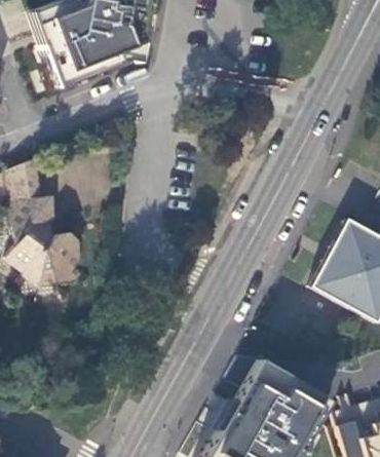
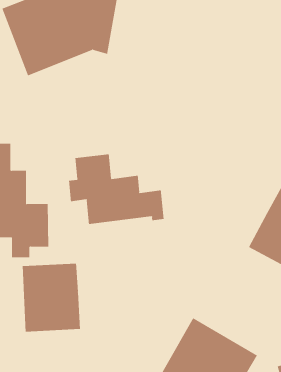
building: none -> [68,154,164,225]
building: none -> [22,263,81,333]

